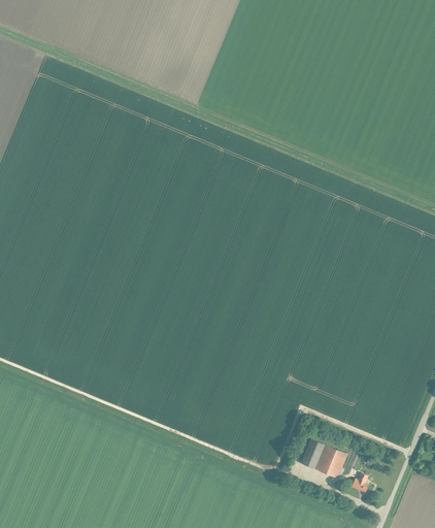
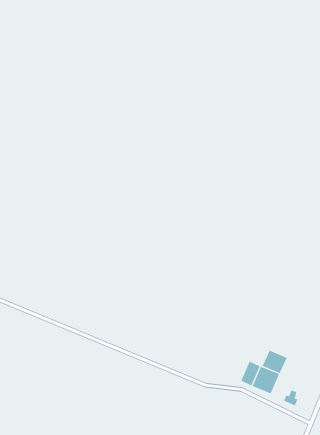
building: none -> [262,350,287,374]

